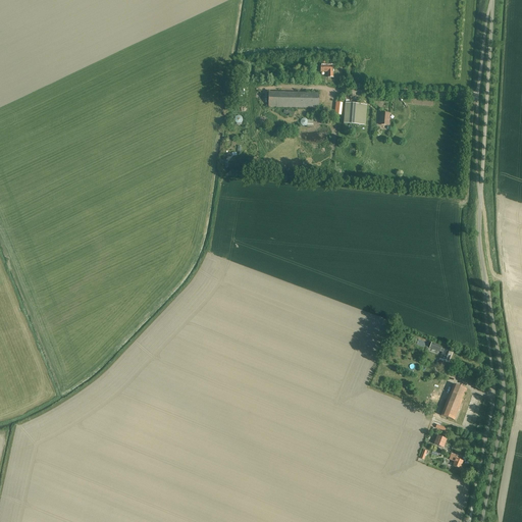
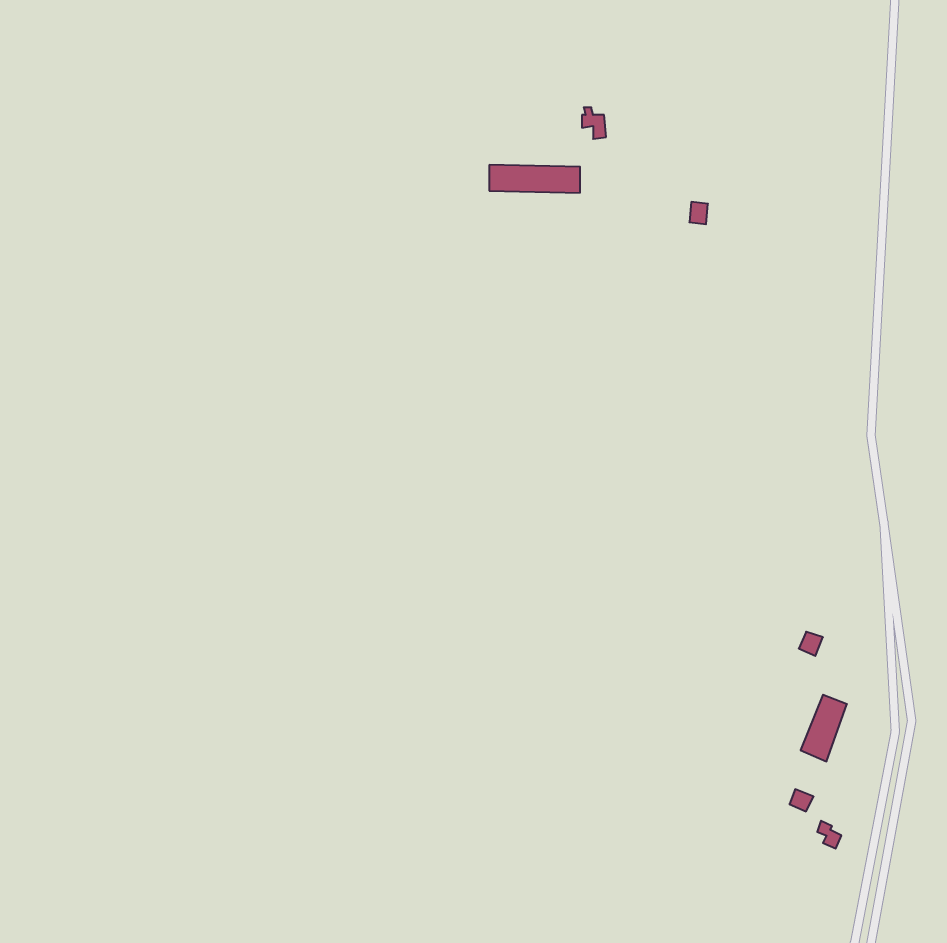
building: [344,102,366,124] -> none

